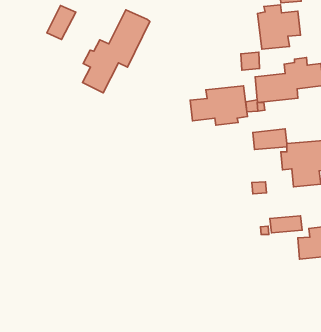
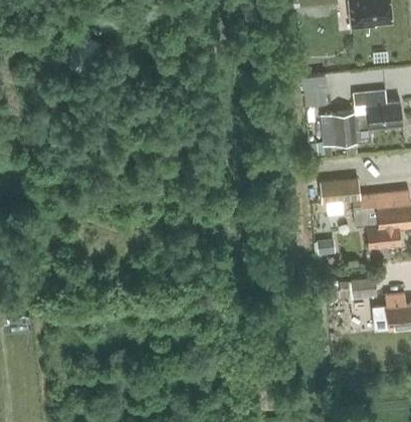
building: [257,5,301,49] -> none
building: [83,10,150,93] -> none
building: [190,86,248,125] -> none

